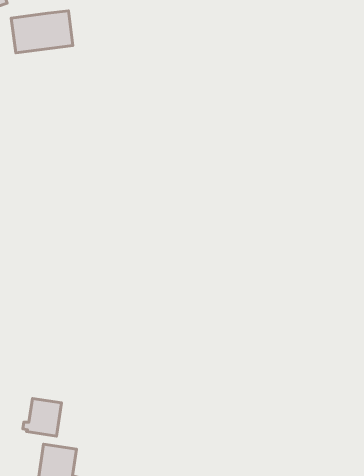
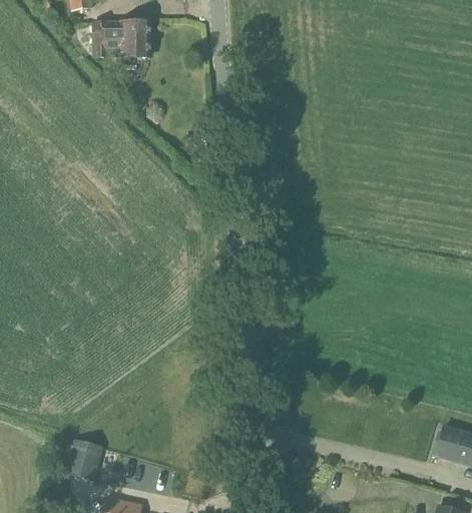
building: [23,399,61,436] -> none

